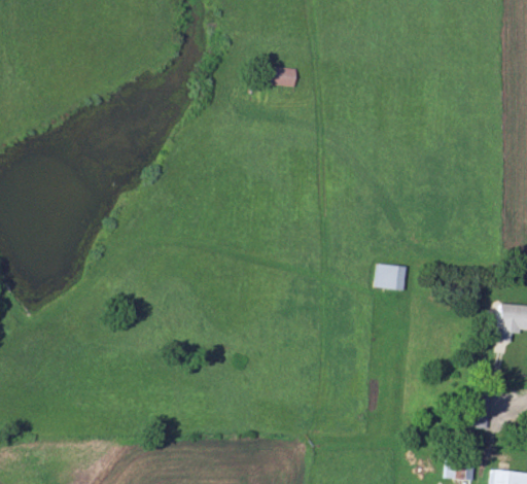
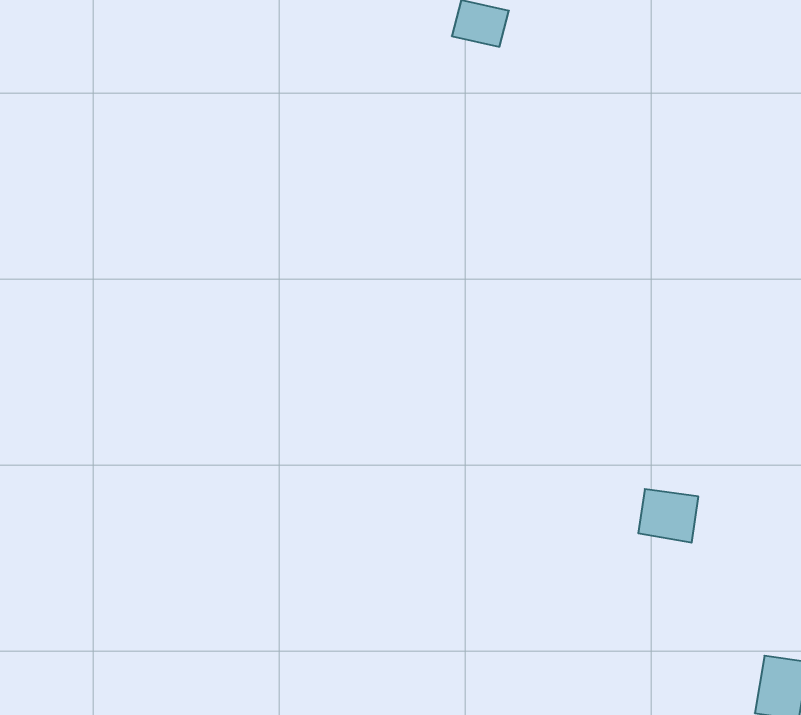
building: [375,264,405,289] -> [638,489,698,543]

